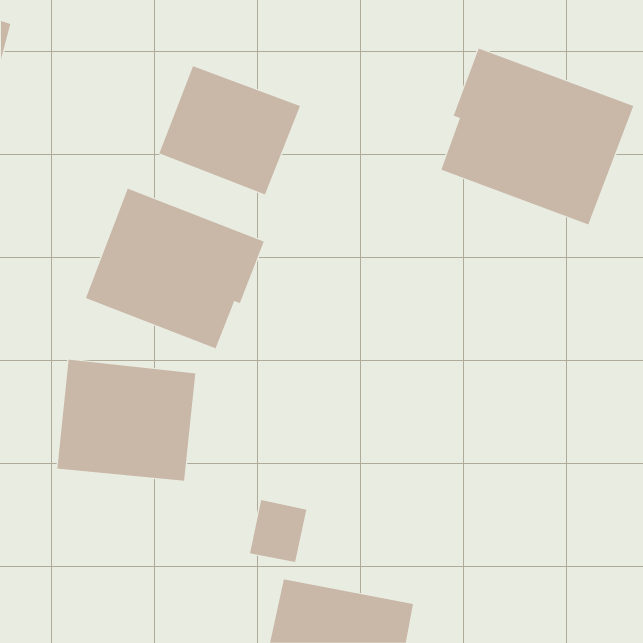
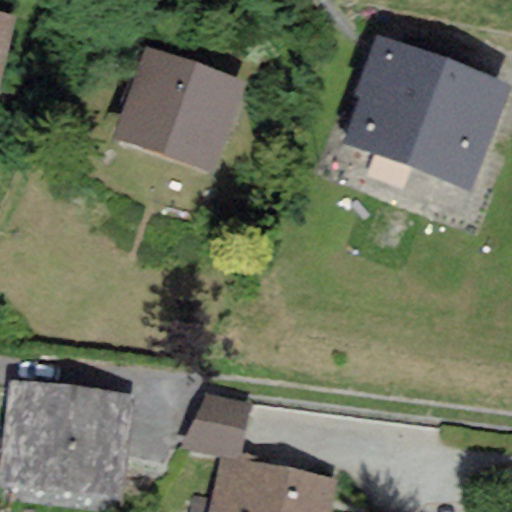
building: [85,188,264,349] -> none
building: [56,359,196,481] -> [16,388,127,485]

